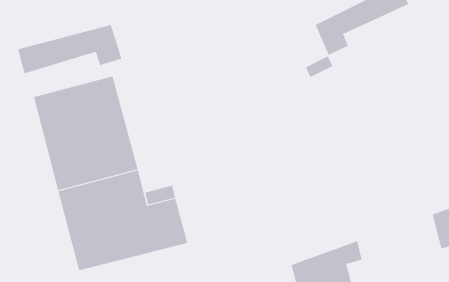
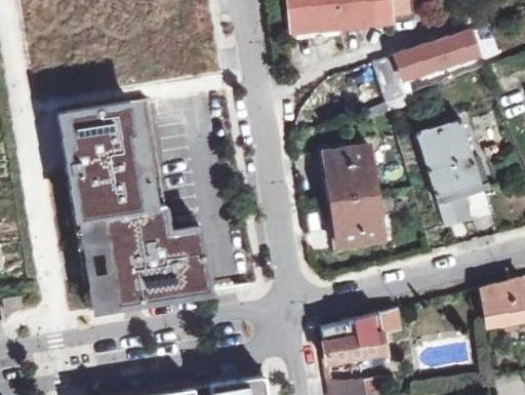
building: [17,24,122,74] -> none
building: none -> [418,120,489,228]
building: none -> [325,146,383,247]

